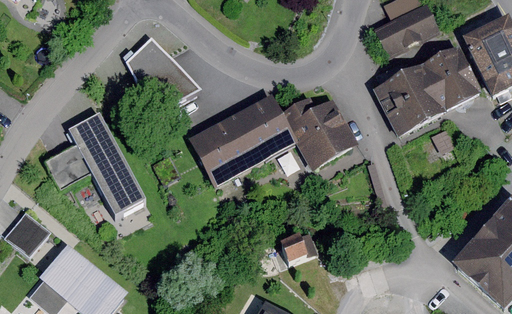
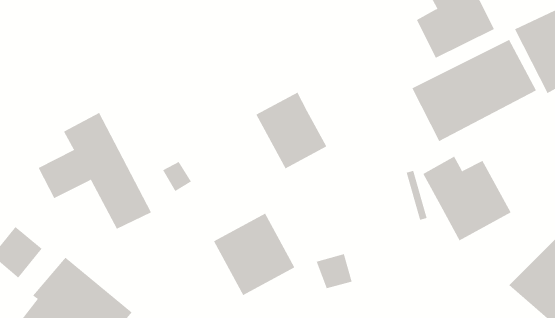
building: [126,36,201,115] -> none
building: [281,95,359,170] -> [423,156,511,241]
building: [189,114,261,187] -> [213,213,295,296]

